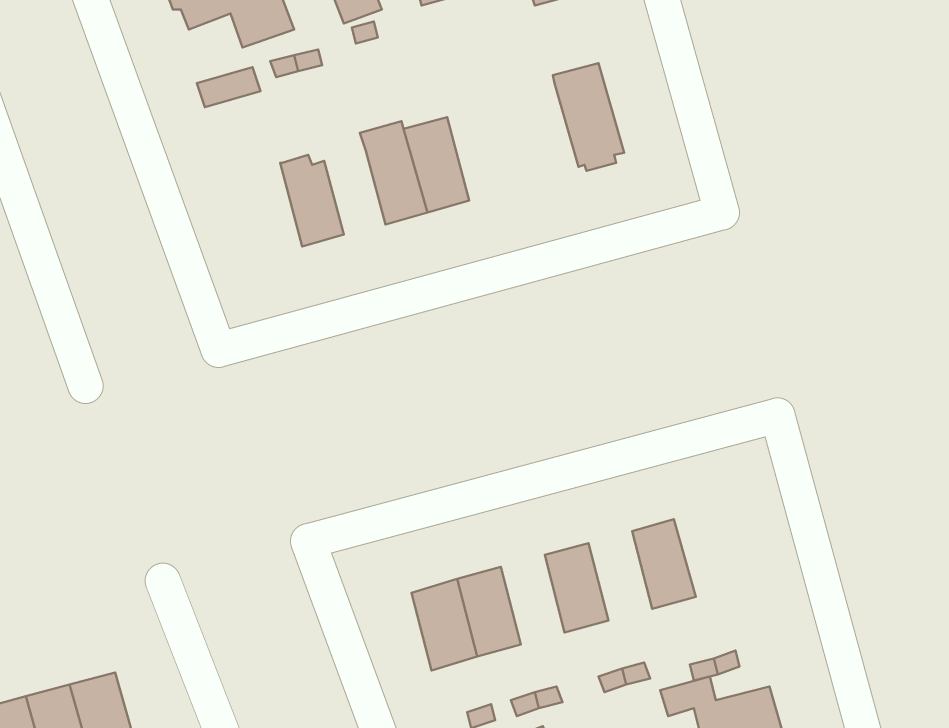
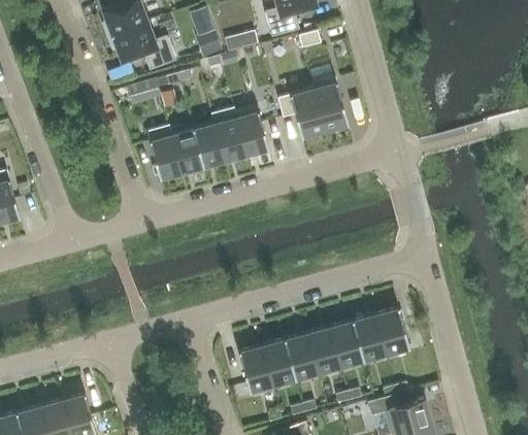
building: none -> [277,89,325,138]
building: none -> [193,114,225,167]
building: none -> [146,126,182,179]
building: none -> [374,308,409,355]
building: none -> [330,321,363,367]
building: none -> [285,333,318,379]

